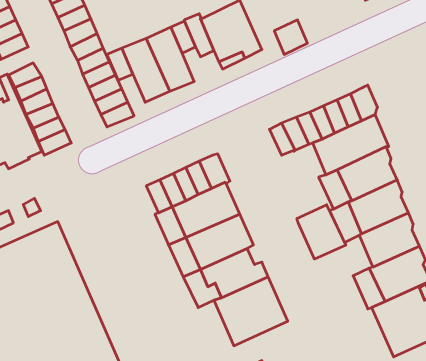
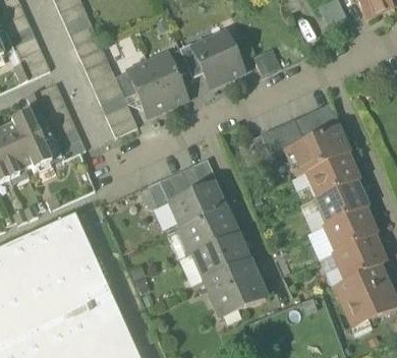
building: [297,205,346,259] -> none

